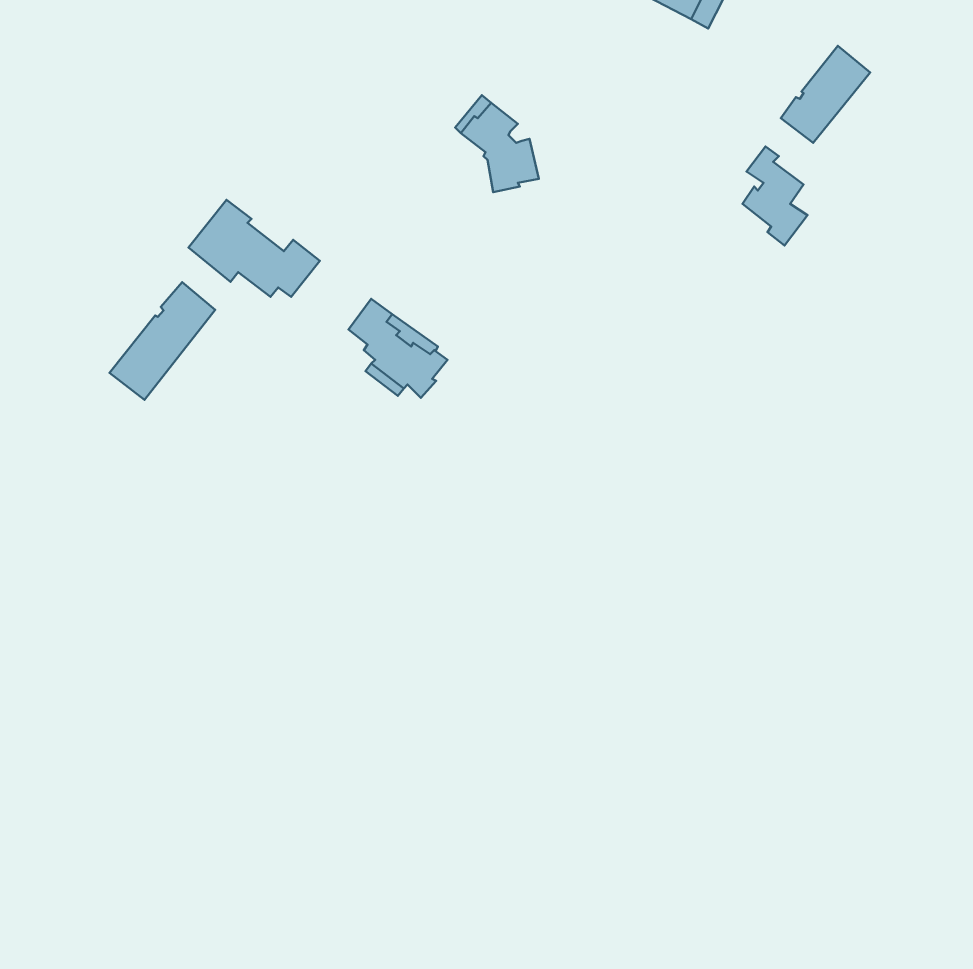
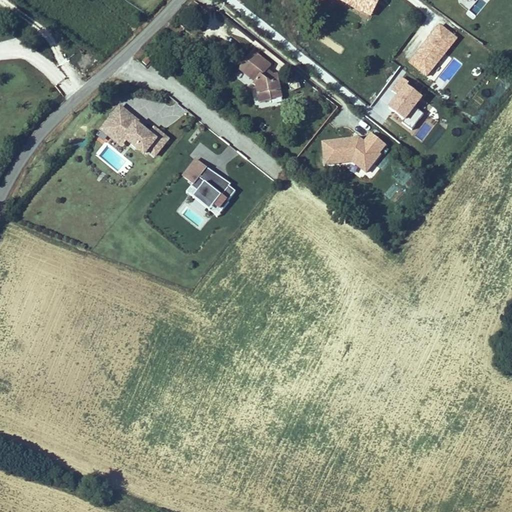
building: none -> [324,133,385,171]
building: [109,282,215,400] -> none

